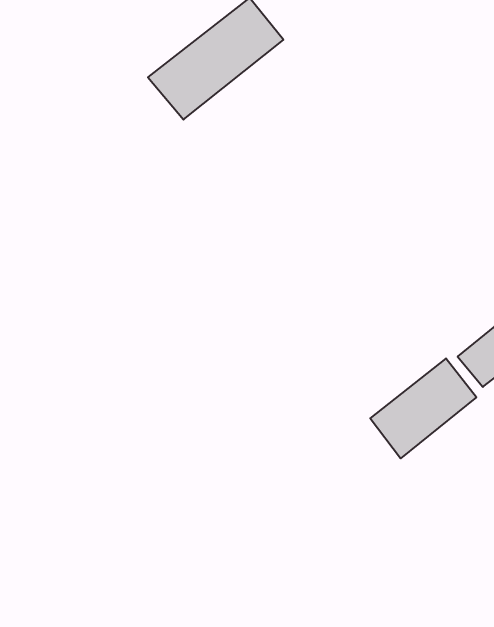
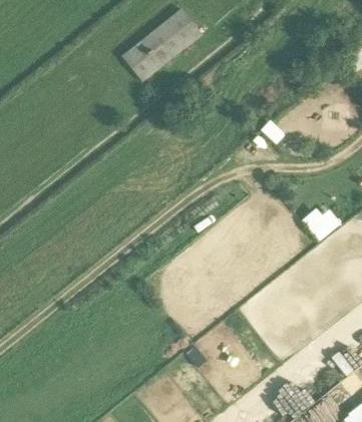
building: [370,358,476,458] -> none

